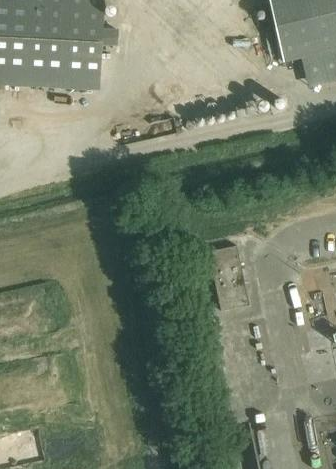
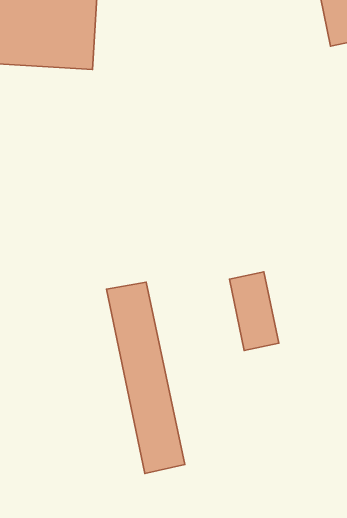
building: none -> [107,282,185,473]

